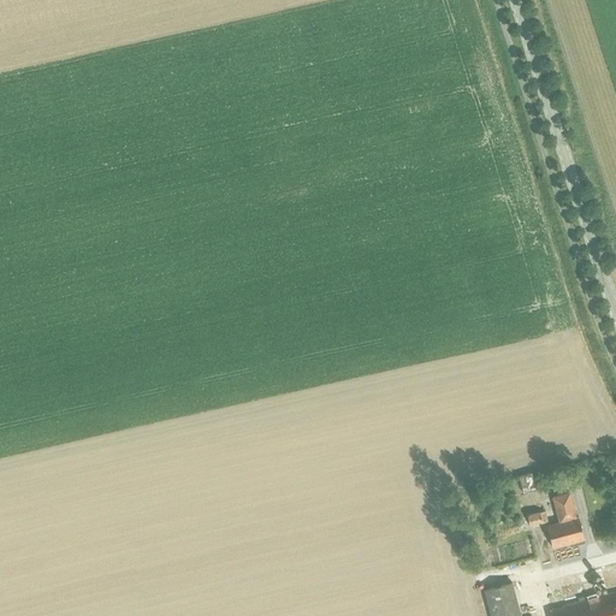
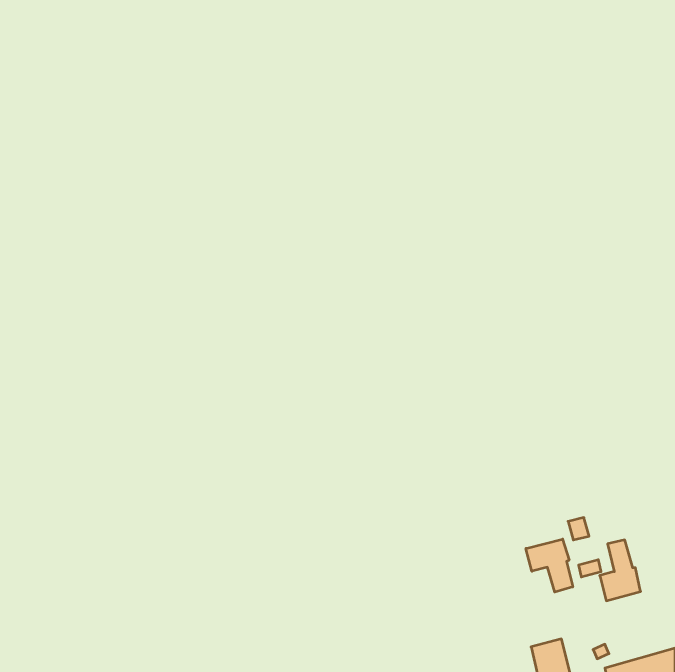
building: none -> [526,539,573,592]

